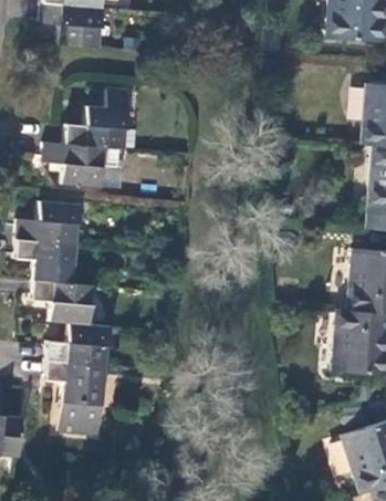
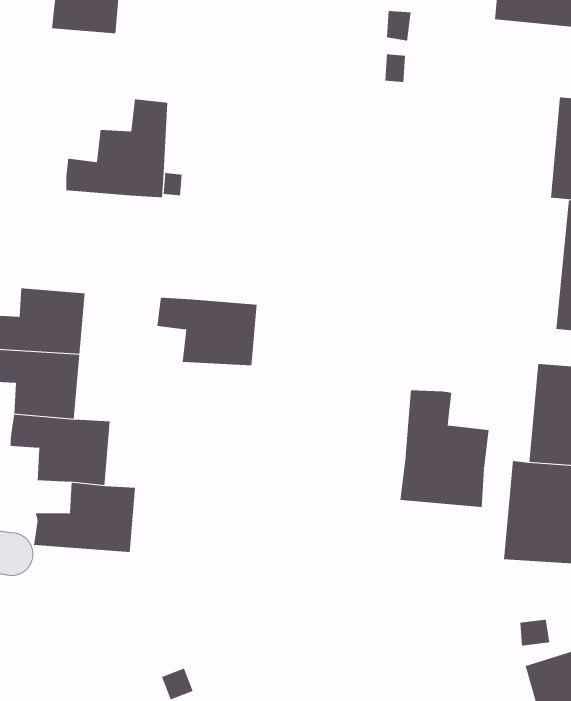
building: [41,140,103,182] -> [157,297,257,366]
building: none -> [400,390,489,508]
building: [42,359,103,431] -> none

